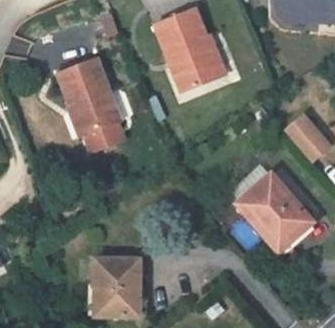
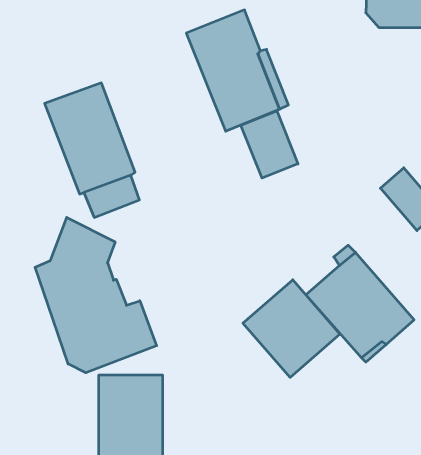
building: none -> [241,111,298,178]
building: none -> [35,217,157,373]
building: none -> [243,280,340,377]

